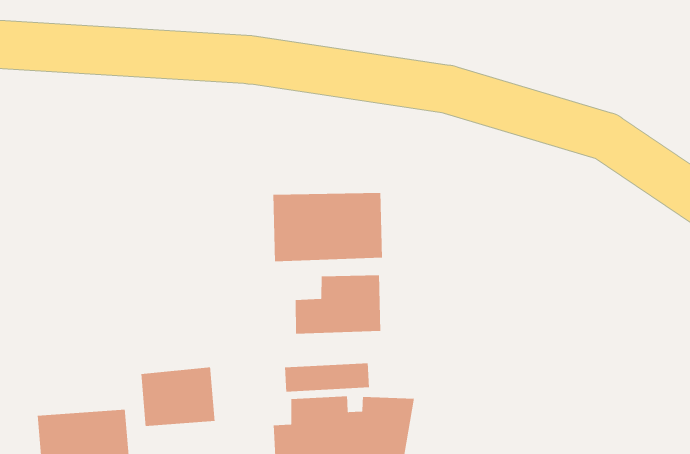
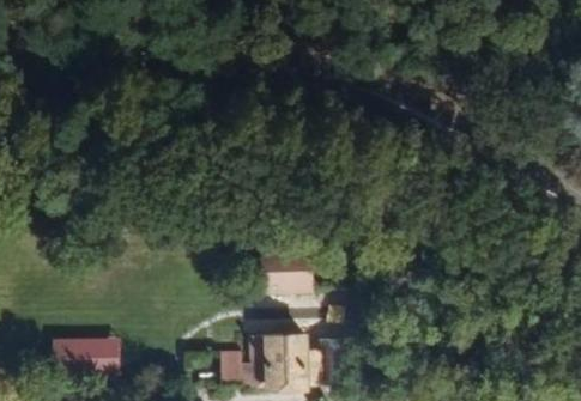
building: [273,192,383,262] -> none
building: [140,366,215,427] -> none

